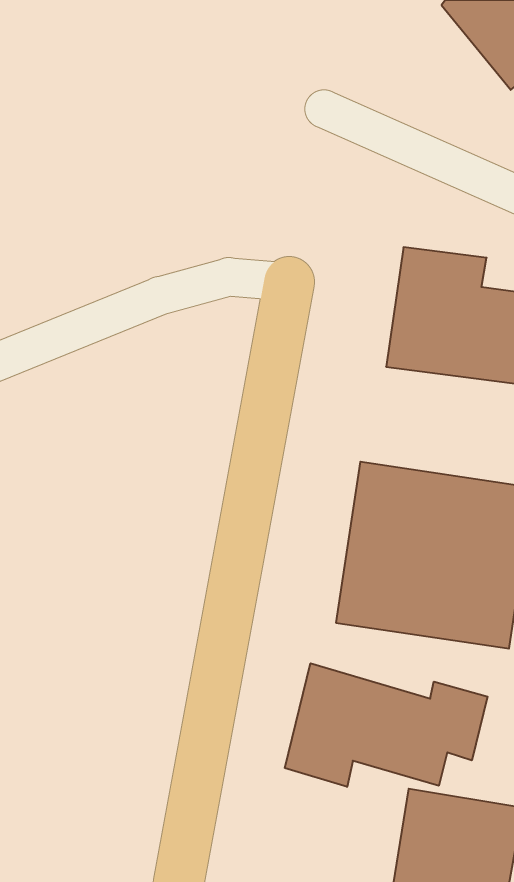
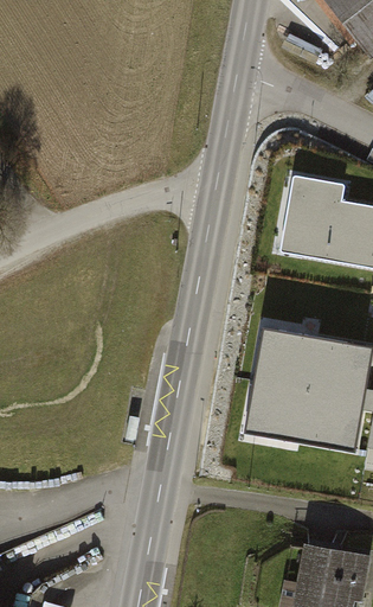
building: [285,663,488,787] -> none

